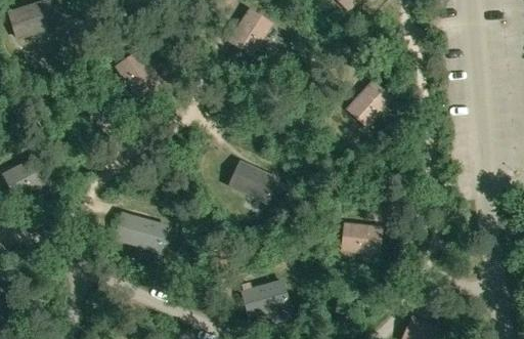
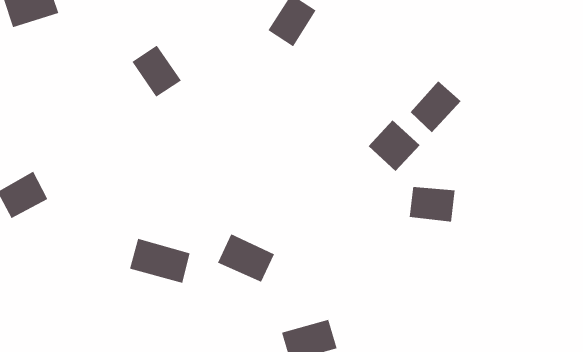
building: none -> [368,120,420,172]
building: [228,161,276,202] -> [217,233,275,282]
building: [342,223,381,253] -> [409,187,456,222]

